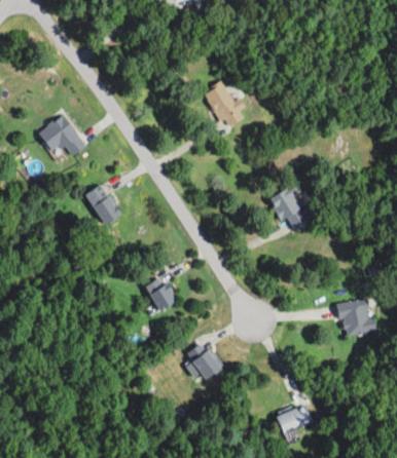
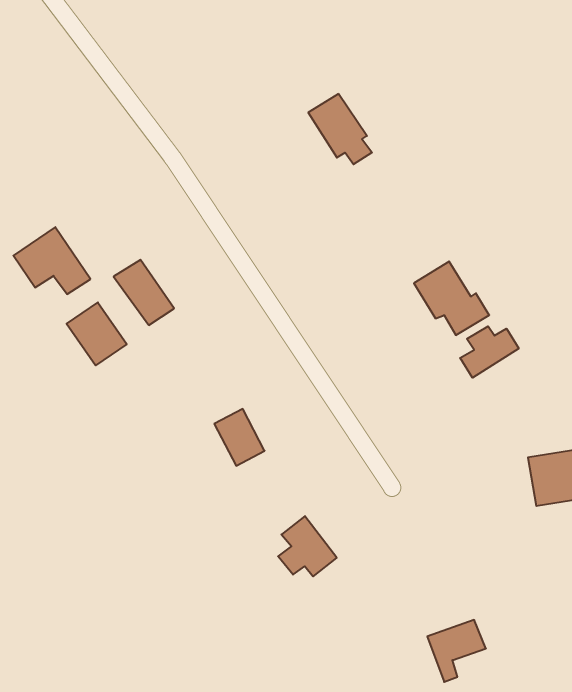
building: [38,114,85,155] -> [13,227,90,294]
building: none -> [67,302,127,365]
building: none -> [460,326,519,378]

